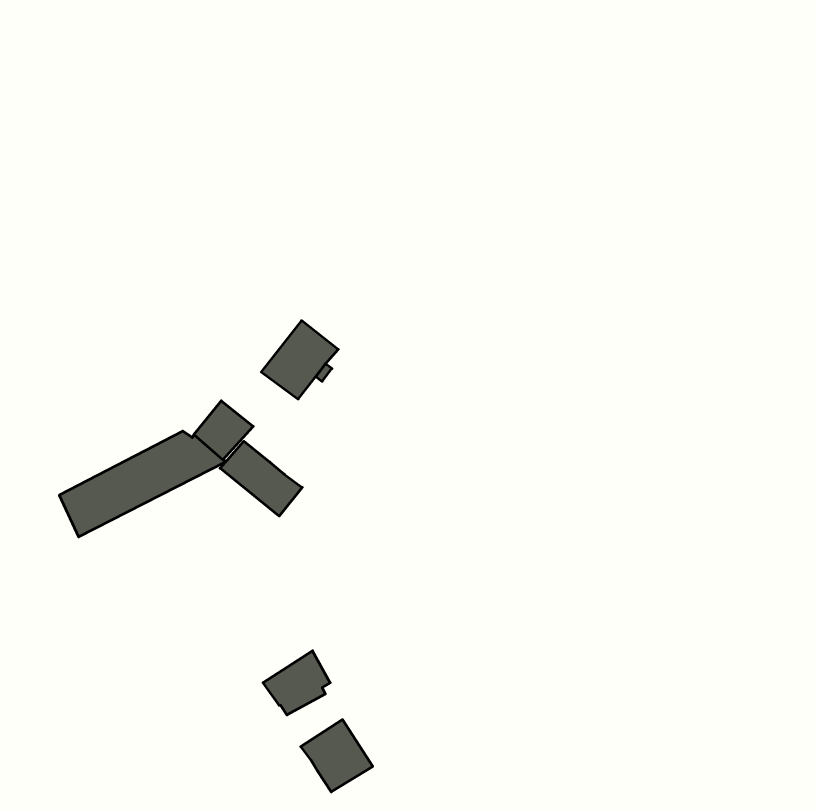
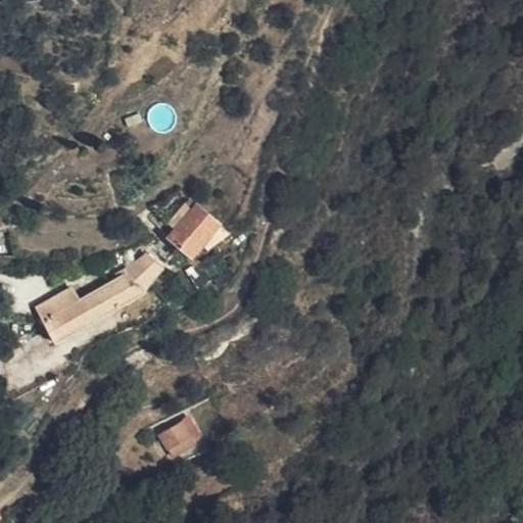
building: [220,441,302,516] -> none
building: [301,720,373,792] -> none

